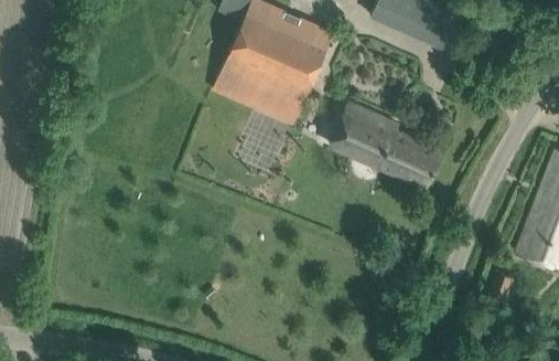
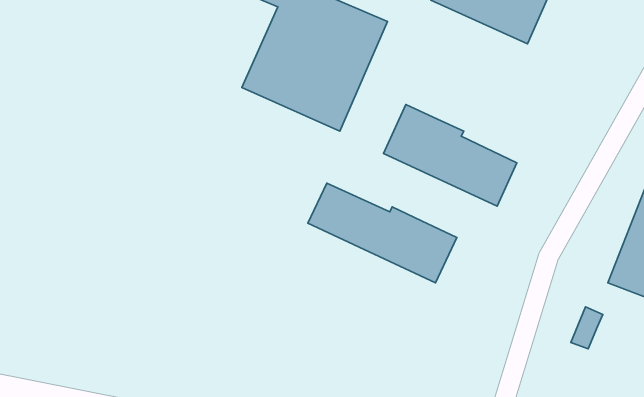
building: none -> [308,183,457,283]

